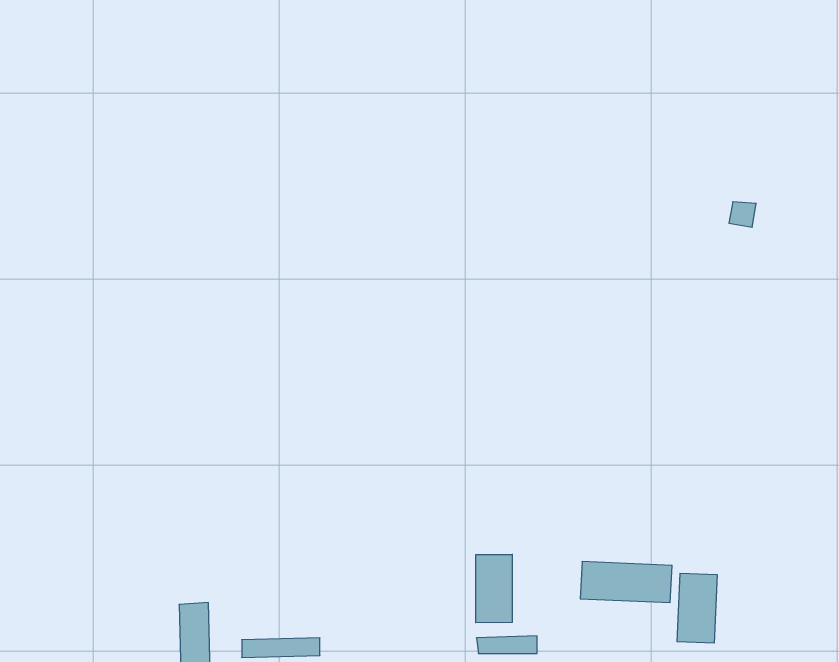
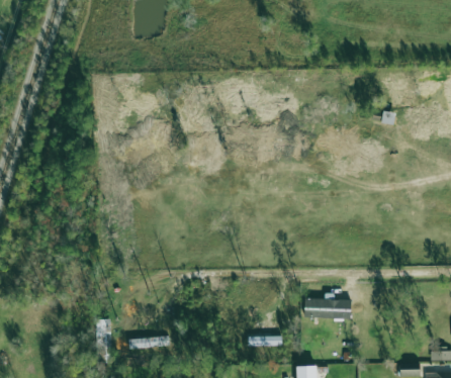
building: [476,554,512,623] -> none
building: [677,573,717,643] -> none

